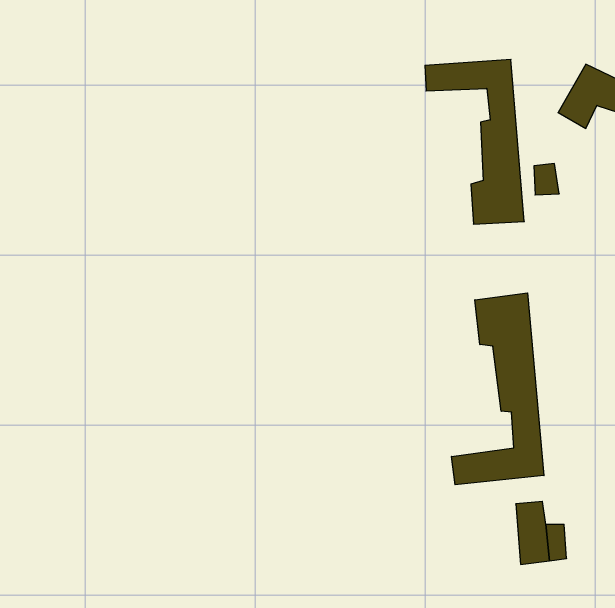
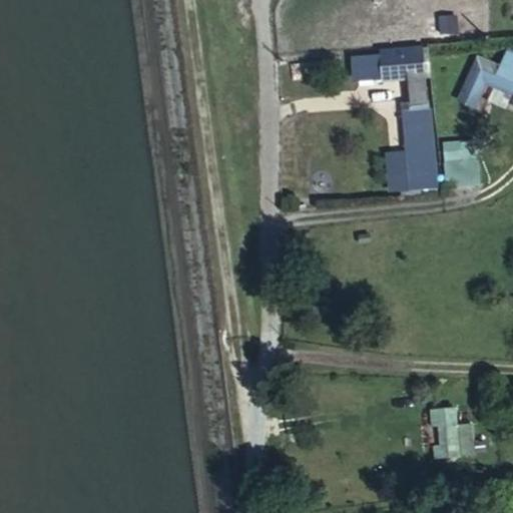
building: [452,293,544,485] -> none

